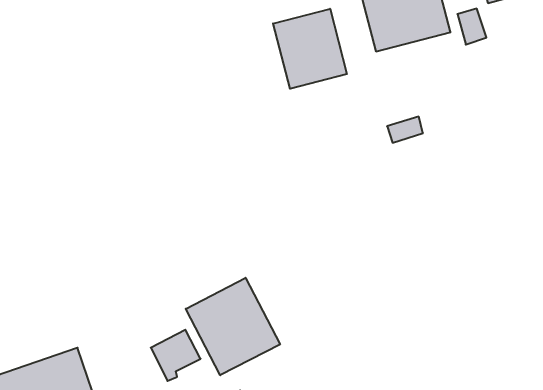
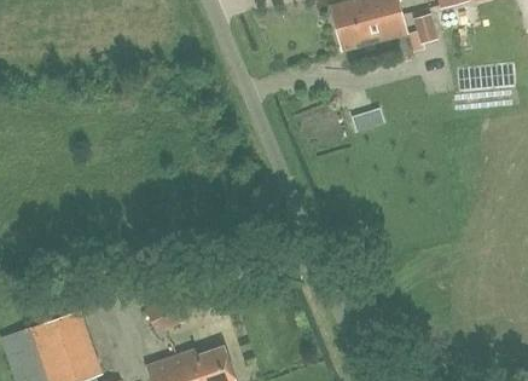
building: [273,9,347,89] -> none
building: [186,278,280,375] -> none

